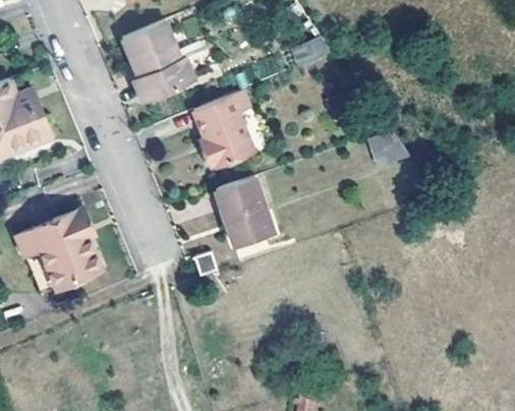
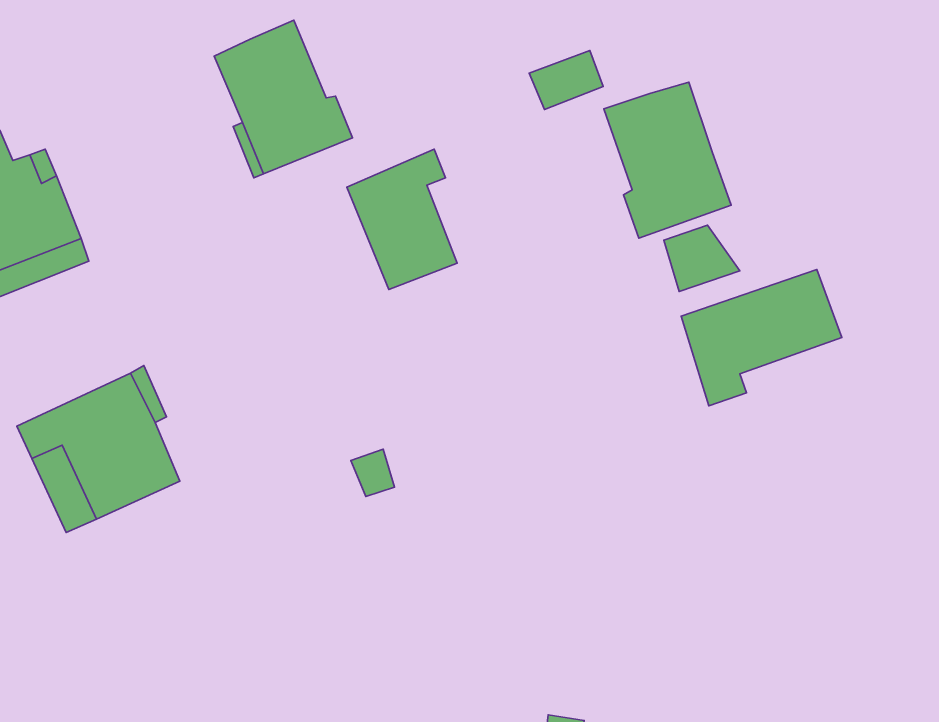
building: none -> [604,82,731,238]
building: none -> [681,269,842,406]
building: [215,174,275,245] -> none

